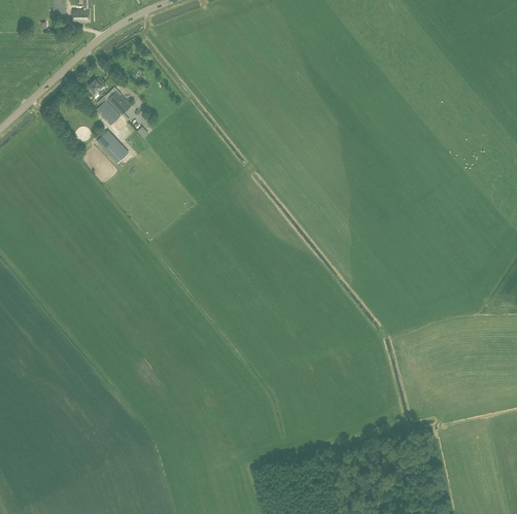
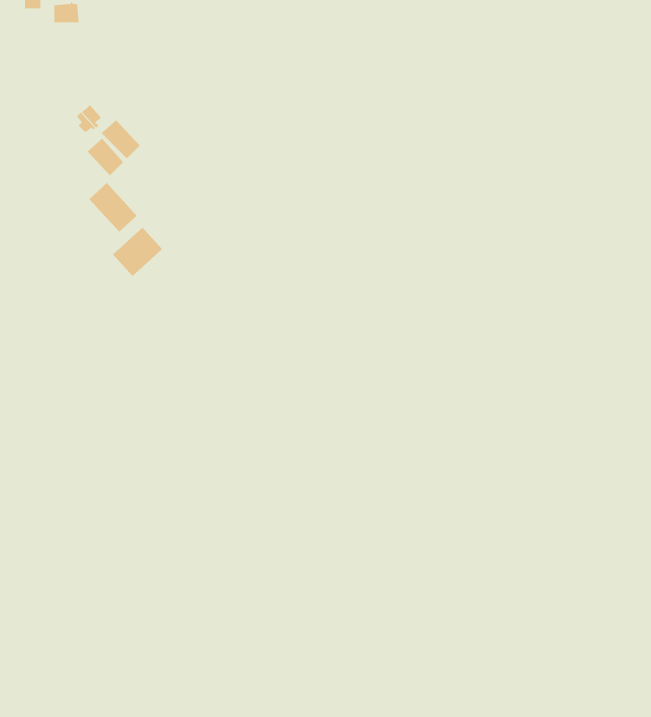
building: none -> [112,227,163,277]

